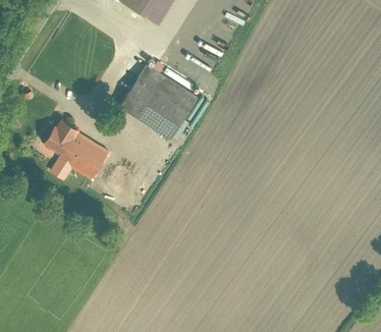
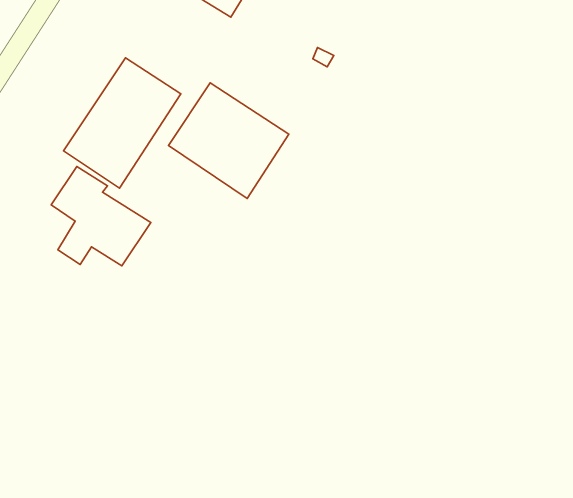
building: none -> [64,58,181,188]

